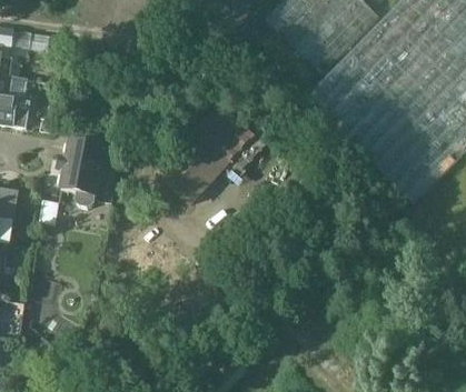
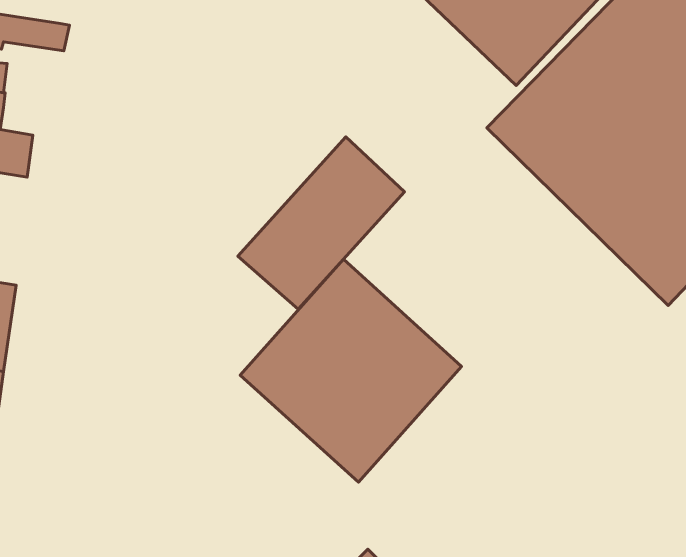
building: [58,142,113,199] -> none
building: none -> [240,259,462,482]

